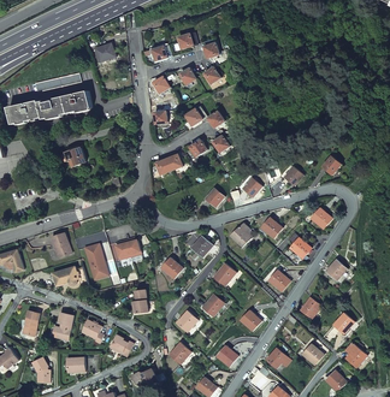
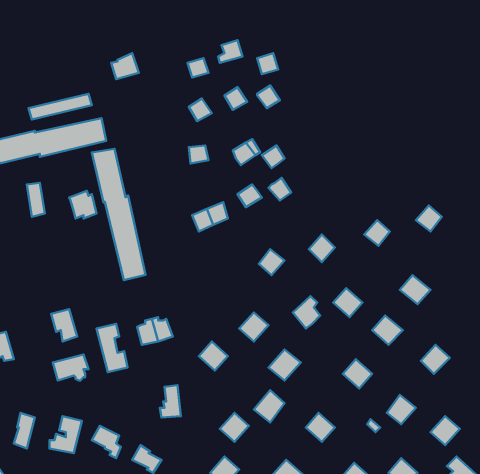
building: none -> [92,149,146,280]

